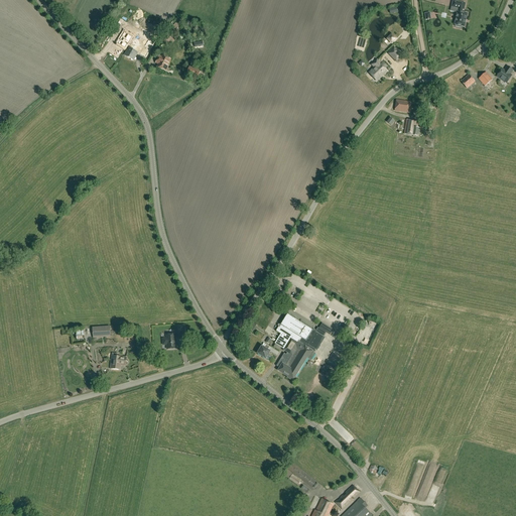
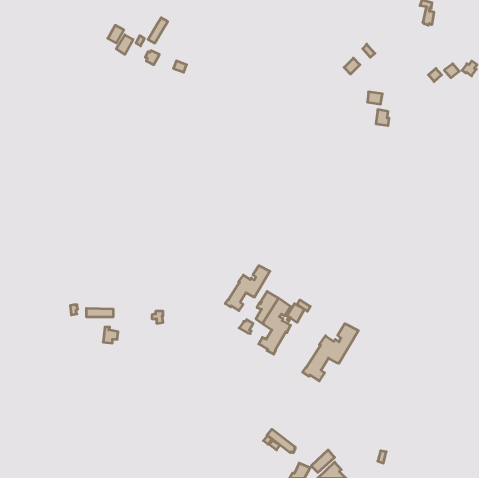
building: none -> [225,266,270,311]
building: none -> [303,324,358,381]

